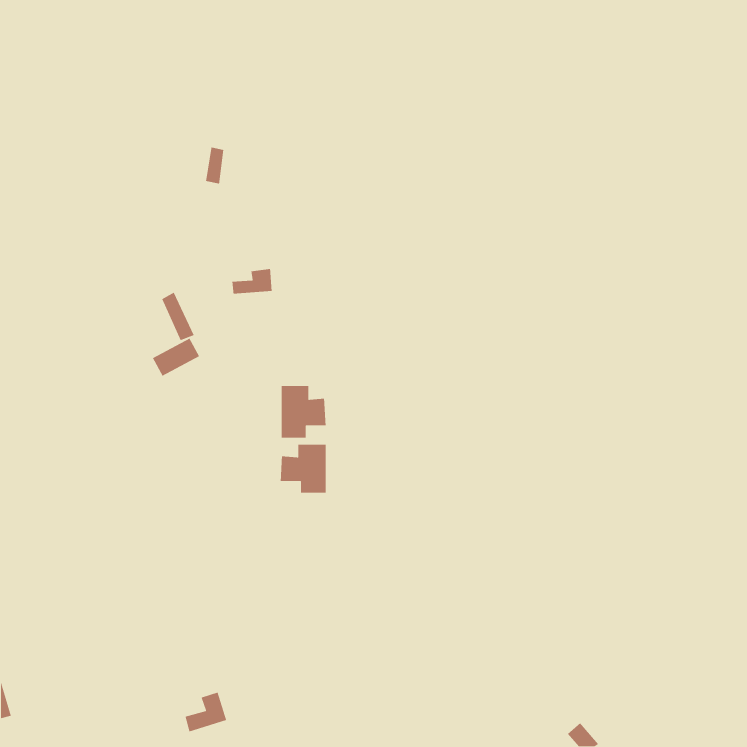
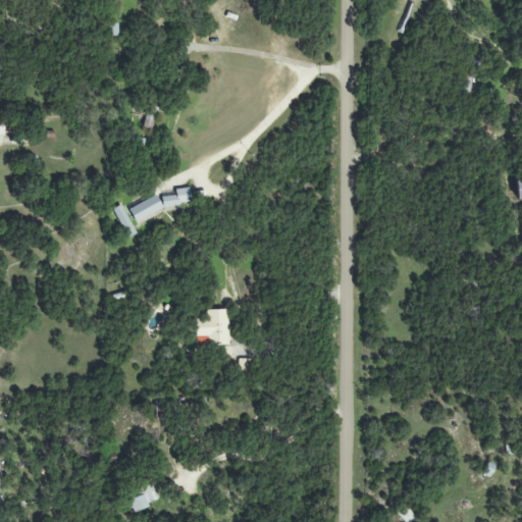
building: [152,337,200,377] -> [129,194,163,221]
building: [281,385,326,439] -> none

